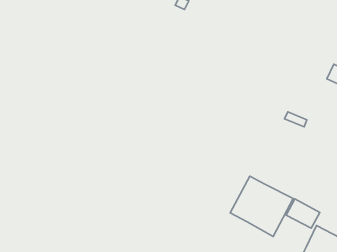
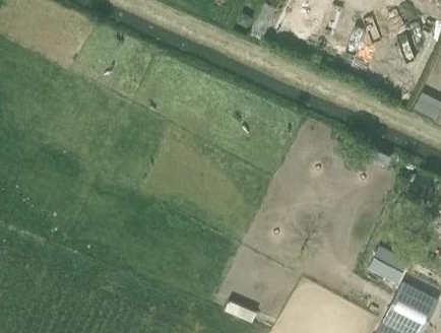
building: [230,176,293,236] -> none

